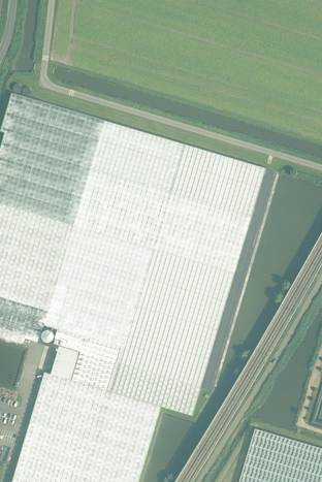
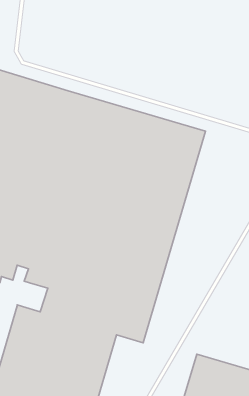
building: [51,345,81,379] -> none

